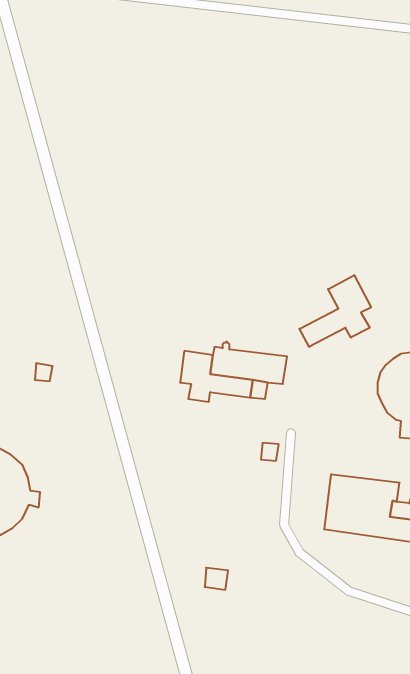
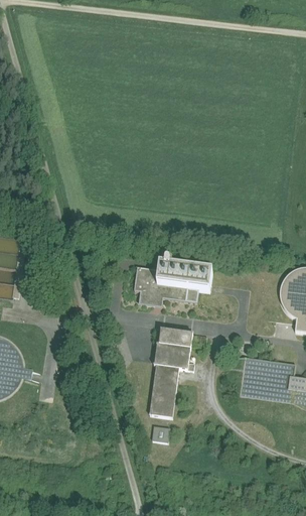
building: [299,275,371,347] -> none
building: none -> [149,329,192,417]

